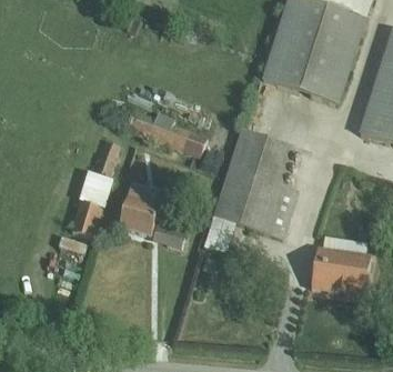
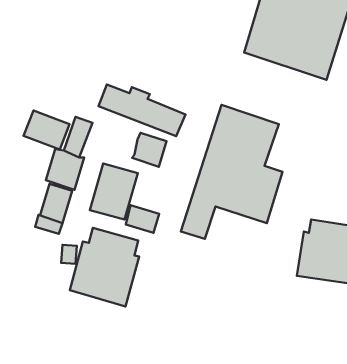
building: none -> [24,110,70,149]
building: none -> [132,133,166,167]
building: none -> [70,228,139,307]

